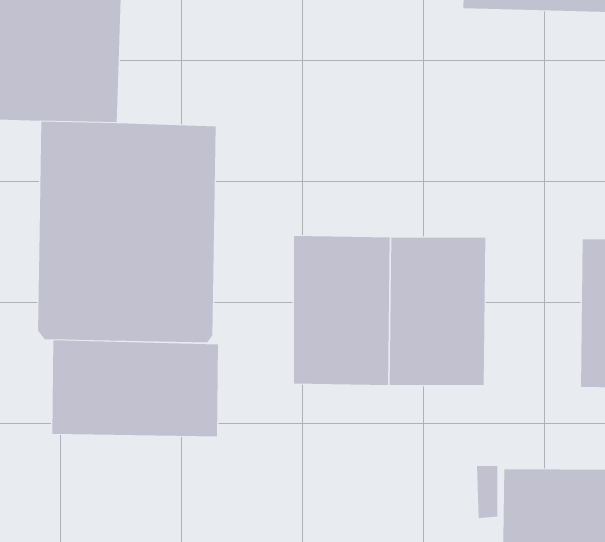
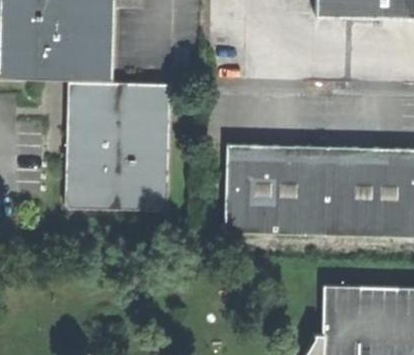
building: none -> [329,149,386,238]
building: [52,340,218,437] -> none

